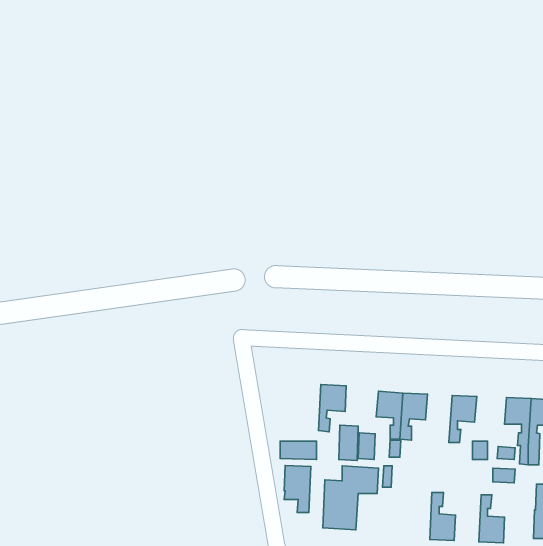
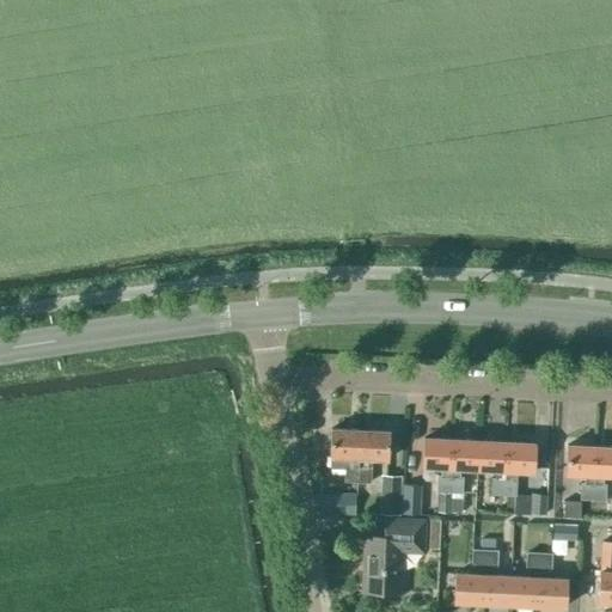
building: none -> [479,441,509,495]
building: [284,465,311,512] -> [332,429,362,482]
building: none -> [457,550,486,604]
building: none -> [512,552,541,606]

